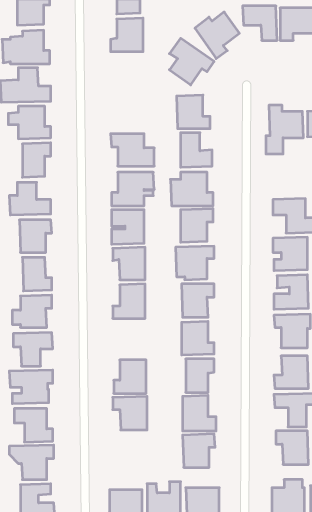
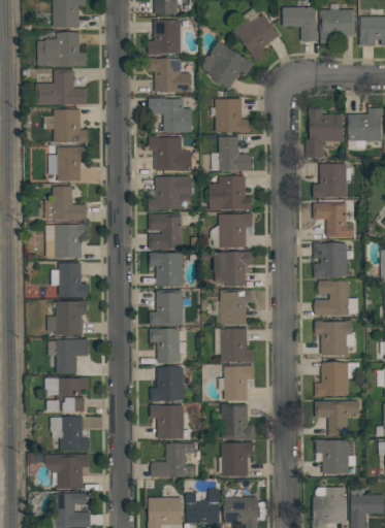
building: none -> [148,58,191,93]
building: none -> [149,98,192,132]
building: none -> [313,163,347,198]
building: none -> [150,328,180,362]
building: none -> [151,443,196,477]

